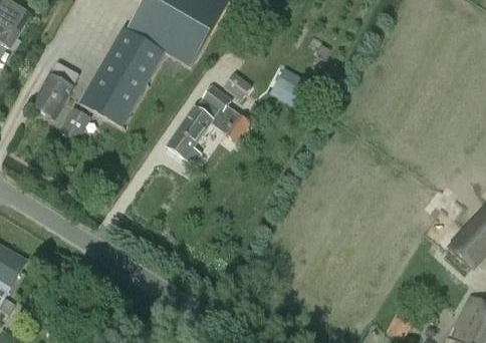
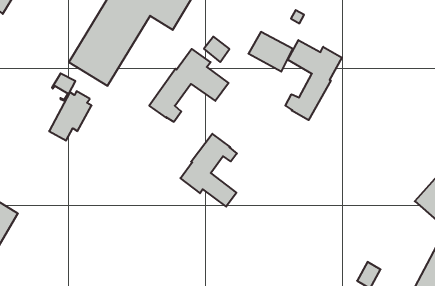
building: [31,64,76,116] -> [49,91,92,141]
building: none -> [285,40,342,120]
building: none -> [180,134,237,207]

